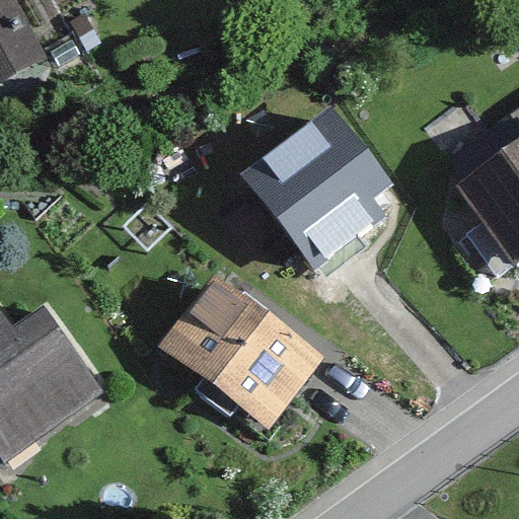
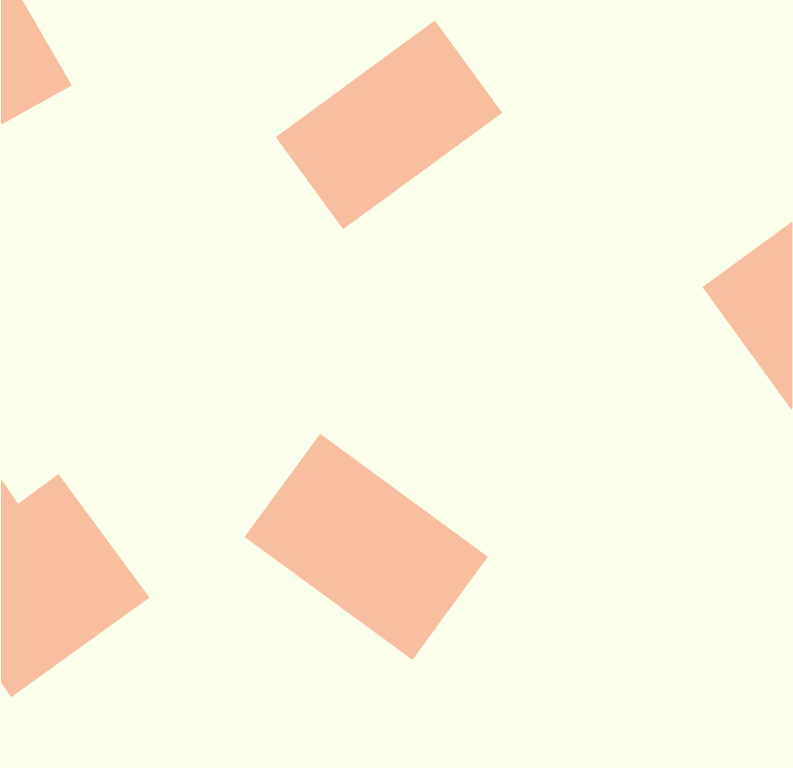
building: none -> [275,20,503,230]
building: [254,112,395,273] -> none

